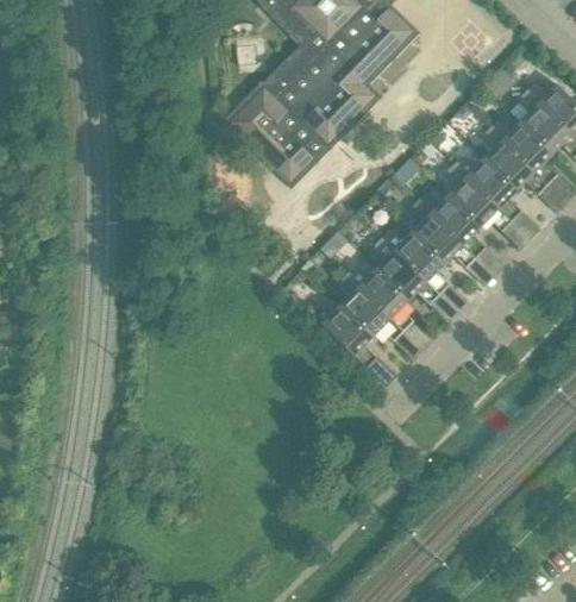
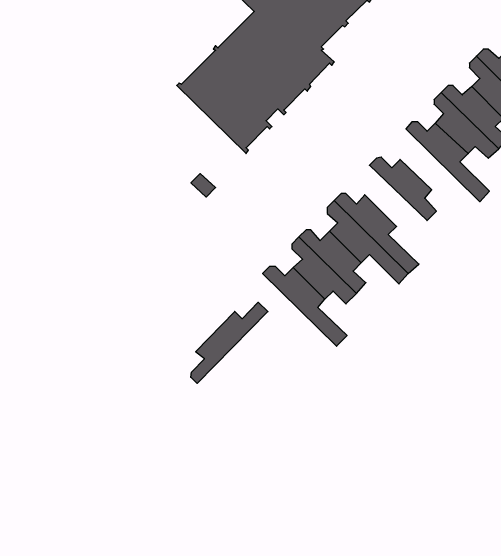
building: [447,163,530,246] -> none
building: [411,200,476,266] -> none
building: none -> [191,302,268,383]

